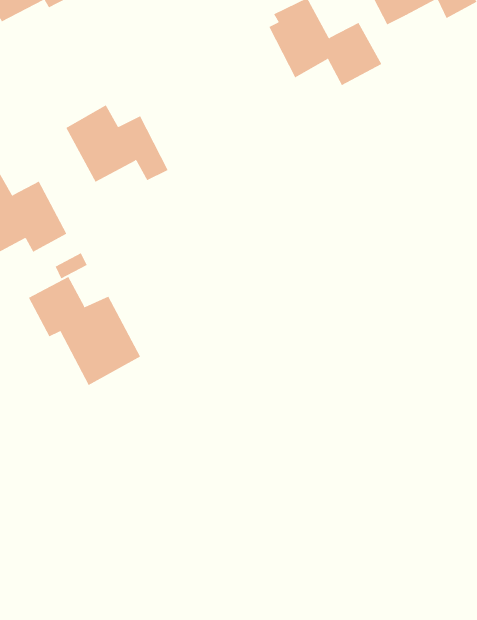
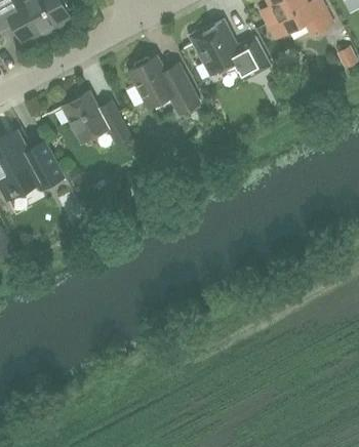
building: none -> [126,55,199,113]
building: [28,276,141,386] -> none

